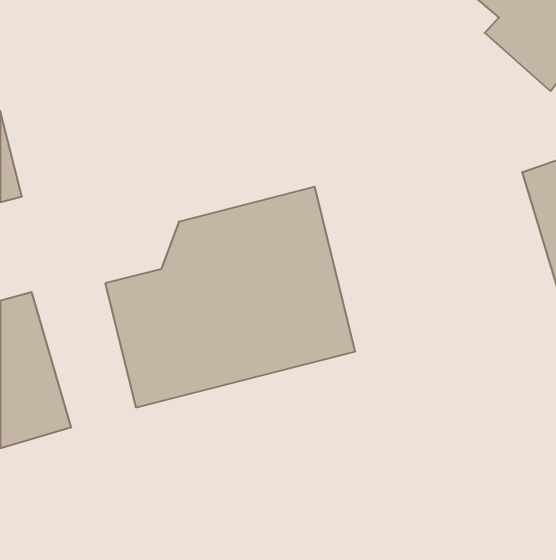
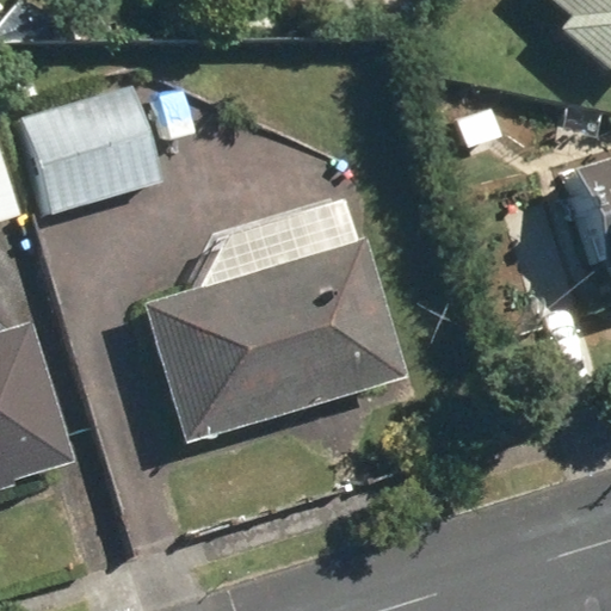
building: none -> [26,75,161,212]

